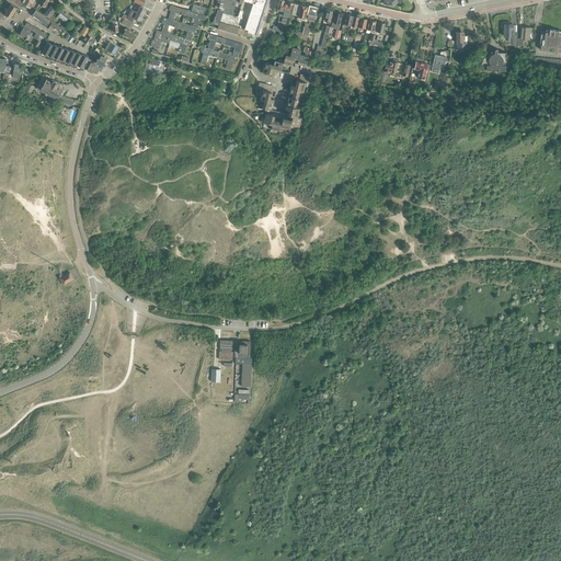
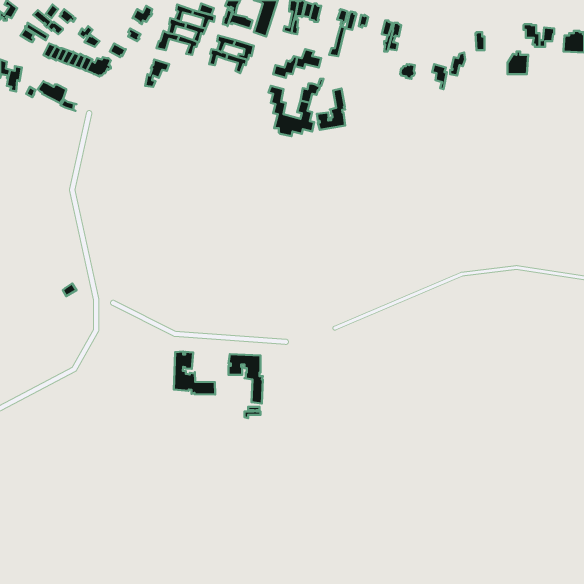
building: none -> [317,89,345,130]
building: none -> [174,352,215,395]

